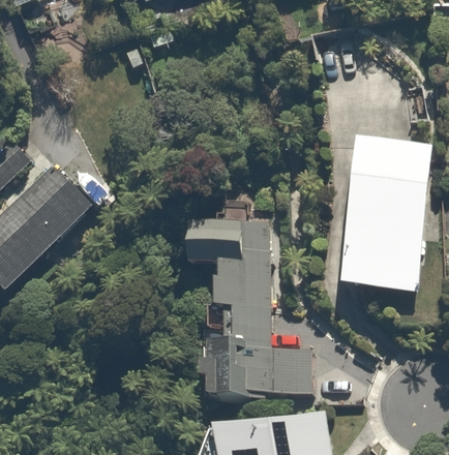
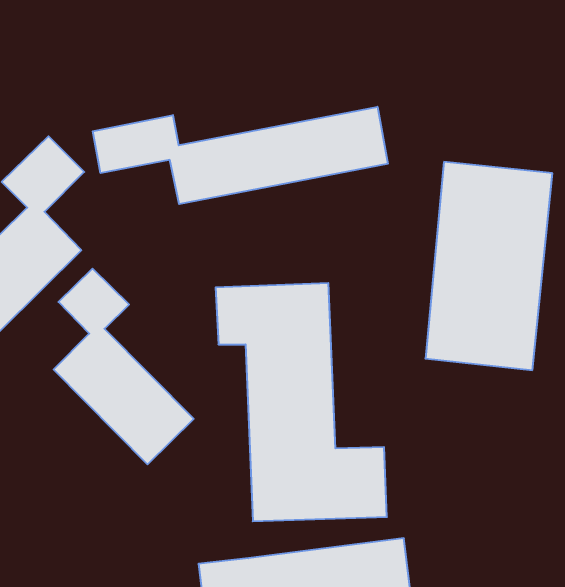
building: none -> [93,107,388,204]
building: none -> [54,269,194,464]

